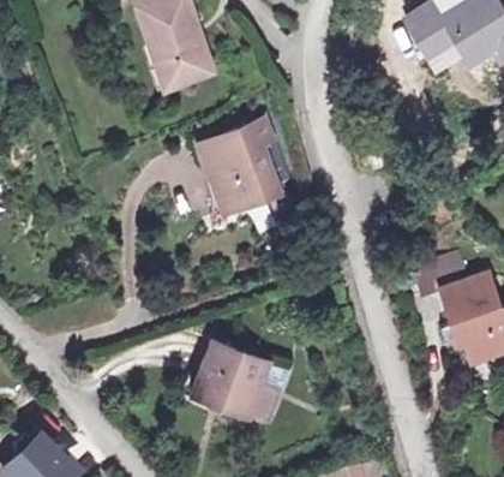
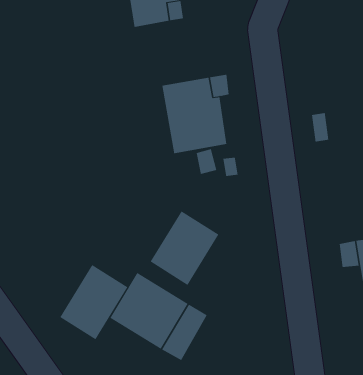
building: none -> [150,210,219,286]
building: none -> [59,264,128,340]

